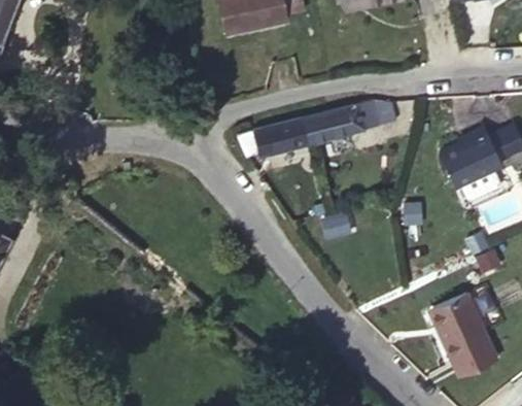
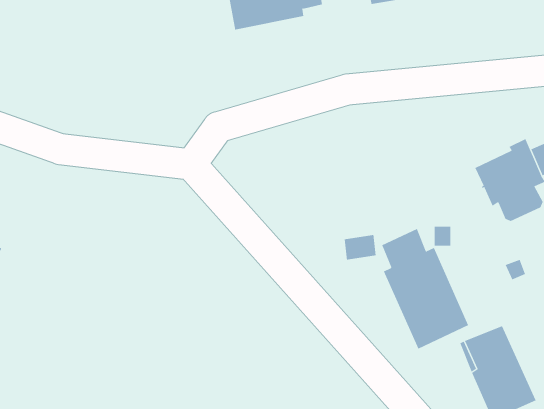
building: [253,102,379,156] -> none
building: none -> [382,228,469,350]

